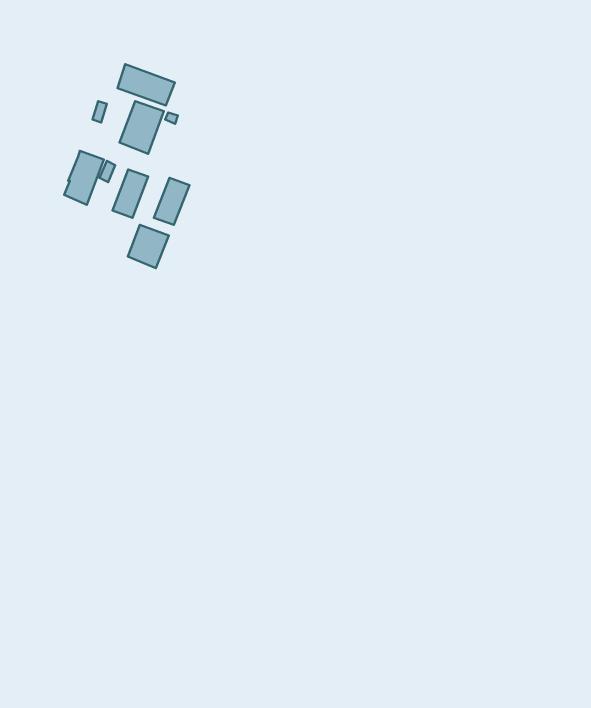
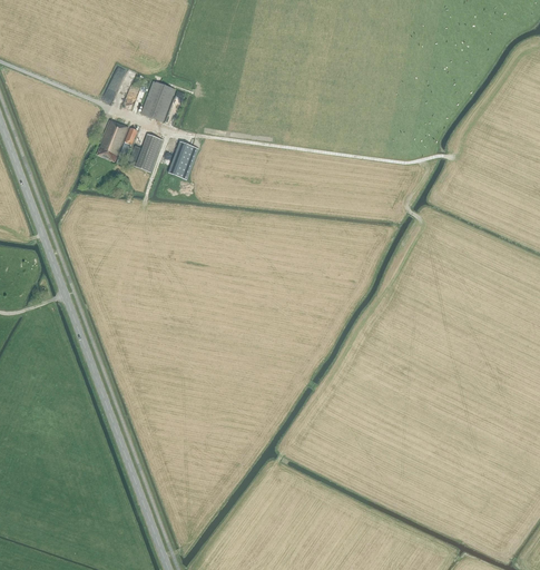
building: [117,64,175,106] -> none
building: [128,225,169,268] -> none

